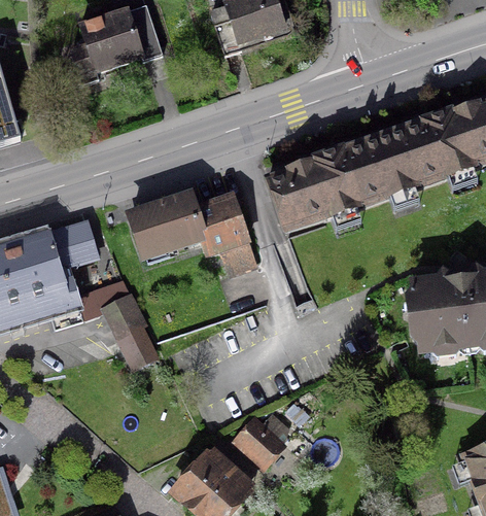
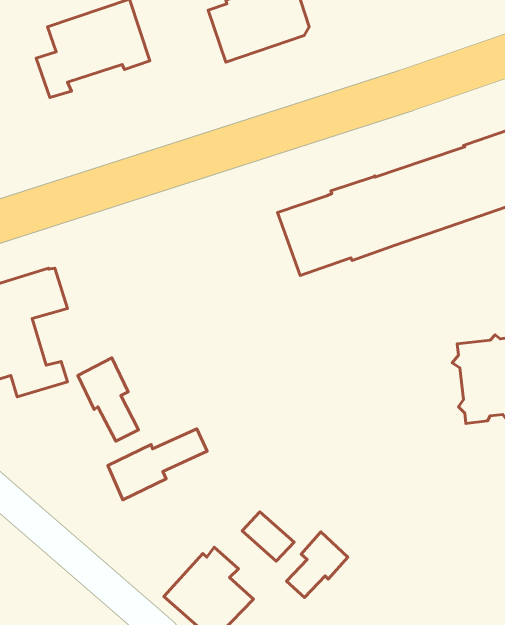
building: [129,193,253,270] -> none
building: none -> [108,429,207,500]
building: none -> [286,532,348,598]

